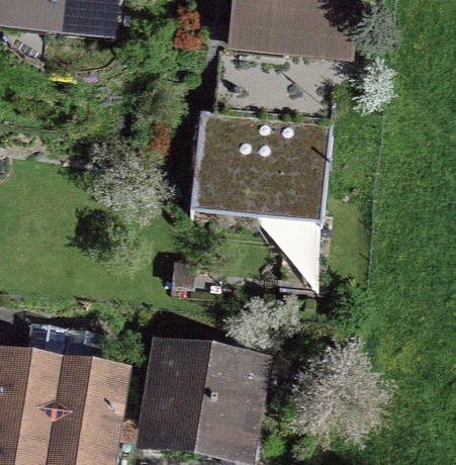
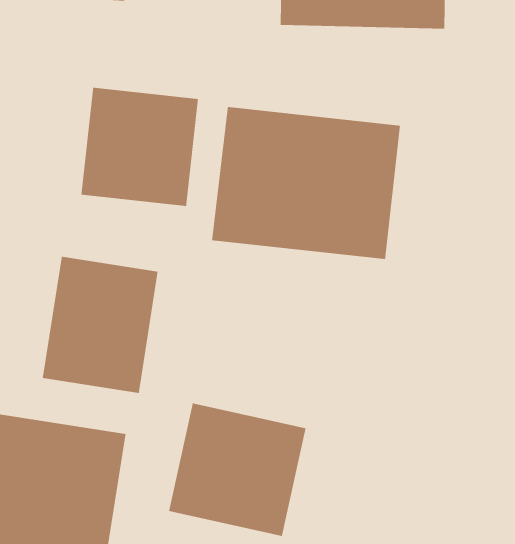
building: none -> [81,87,199,207]
building: none -> [42,256,159,394]

